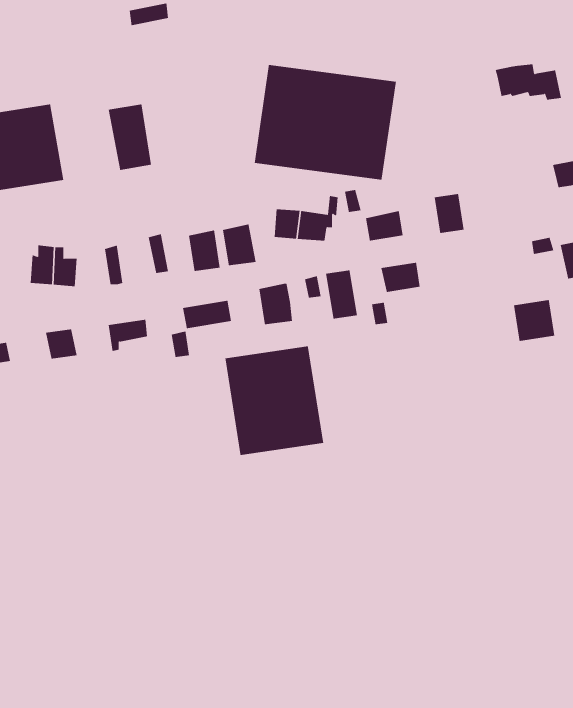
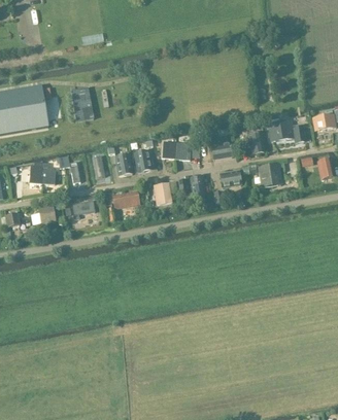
building: [495,64,562,100] -> [269,120,305,140]
building: [254,64,396,181] -> none
building: [513,300,555,341] -> [259,164,281,186]
building: [225,346,324,456] -> none

